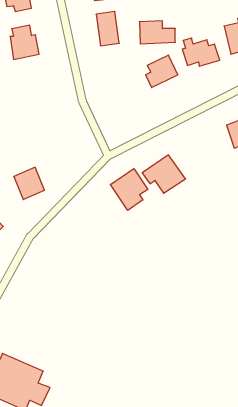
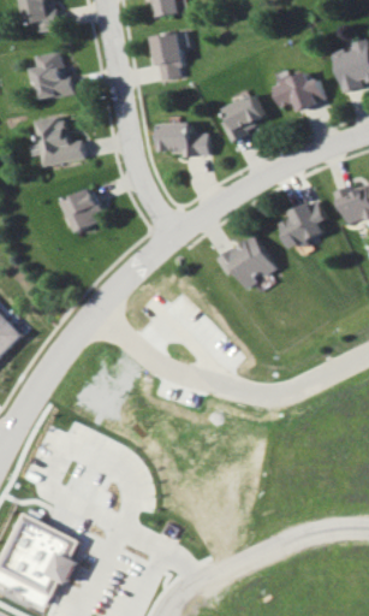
building: [139,21,175,44] -> [160,122,210,154]
building: none -> [28,116,84,165]
building: none -> [280,197,329,248]
building: [14,167,44,200] -> [61,186,105,232]
building: [110,169,148,210] -> none

